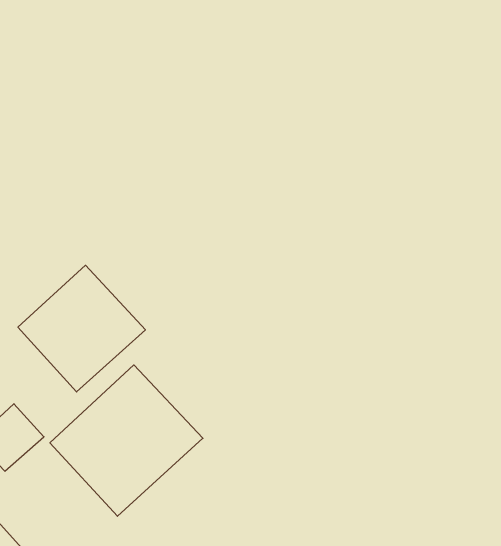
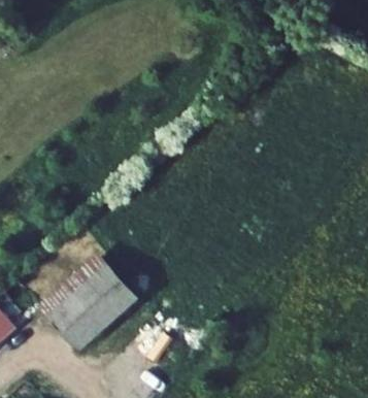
building: [18,265,145,392] -> none

